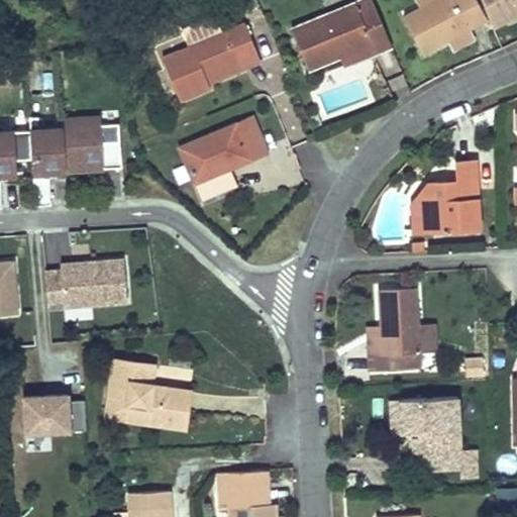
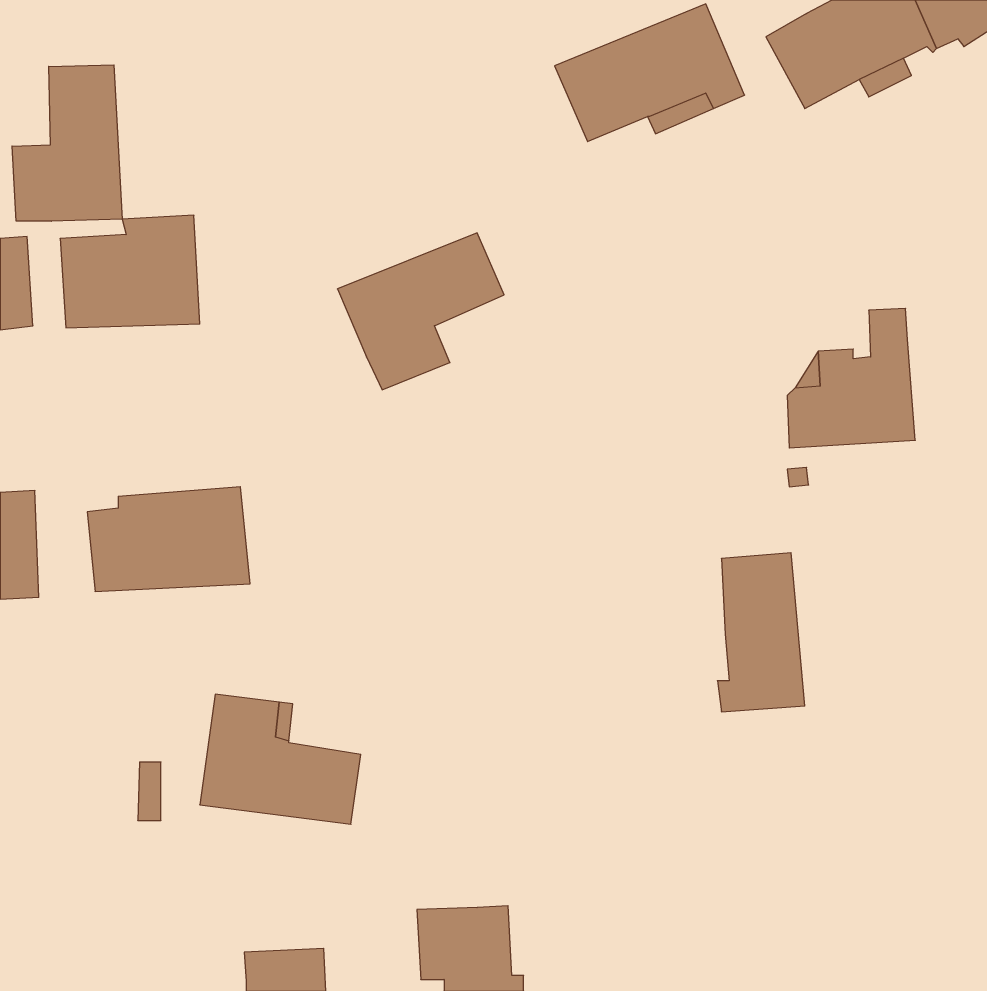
building: [160,26,257,104] -> none
building: none -> [12,65,122,221]
building: [22,387,72,430] -> none
building: [400,399,478,482] -> none

